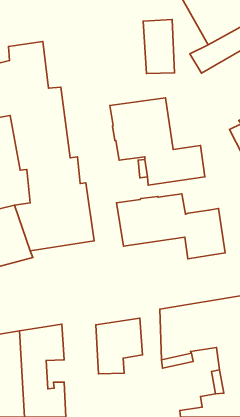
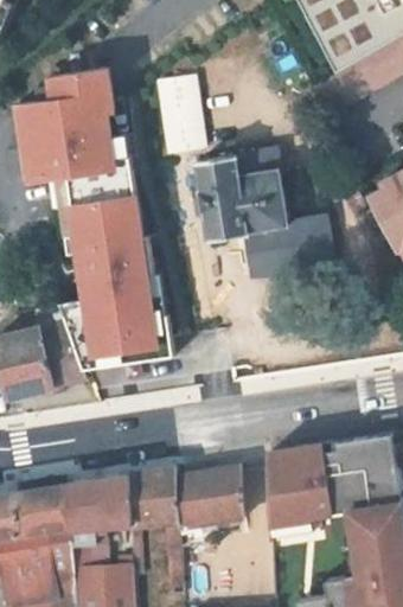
building: [143,19,175,74] -> [160,74,205,151]
building: [116,194,225,259] -> none
building: none -> [127,466,181,593]

